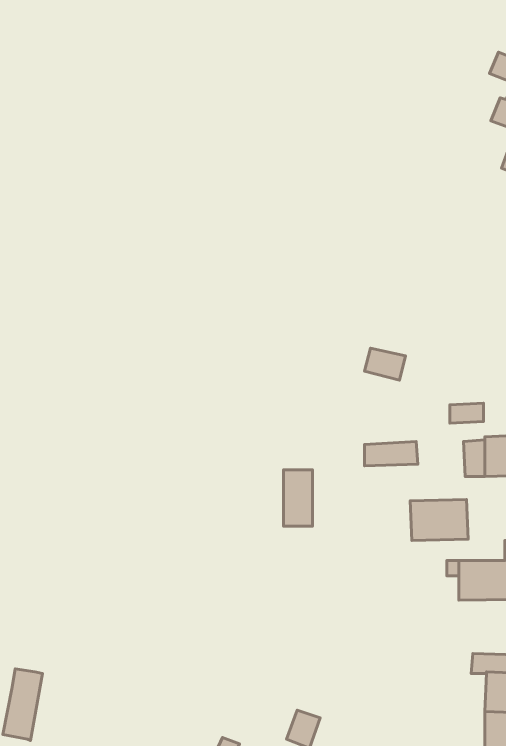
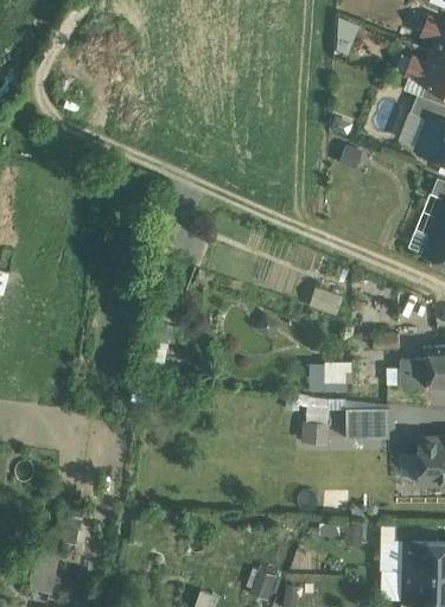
building: [284,470,313,526] -> [306,401,329,445]

